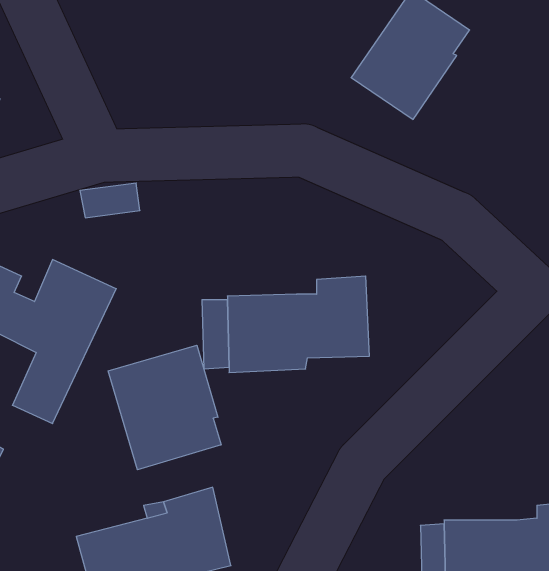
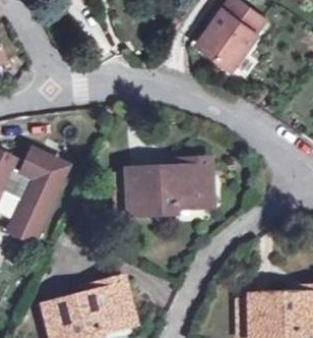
building: [108,345,221,470] -> none

